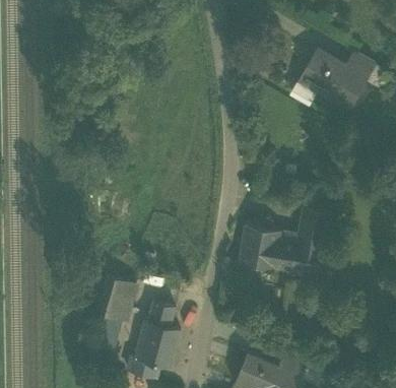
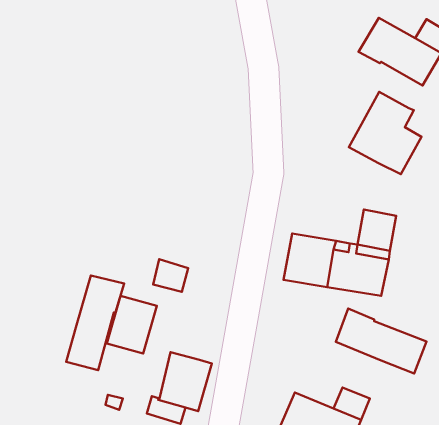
building: none -> [349,92,421,174]
building: none -> [66,275,124,370]
building: none -> [336,308,426,373]
building: [147,302,176,328] -> [153,259,188,292]

